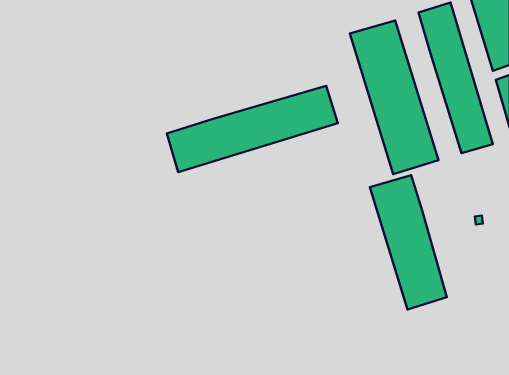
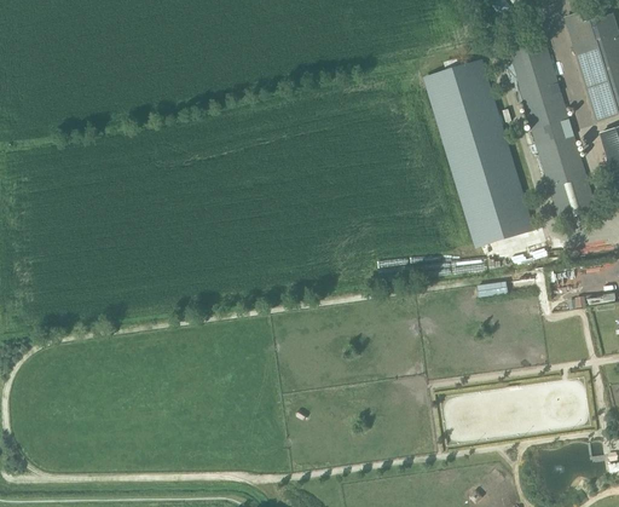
building: [167,86,338,172] -> none
building: [370,175,447,309] -> none

